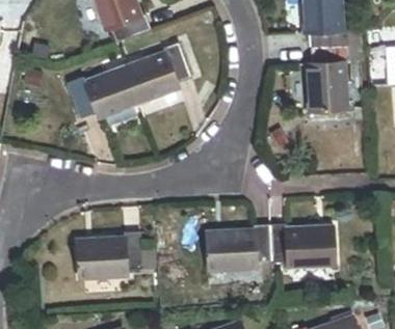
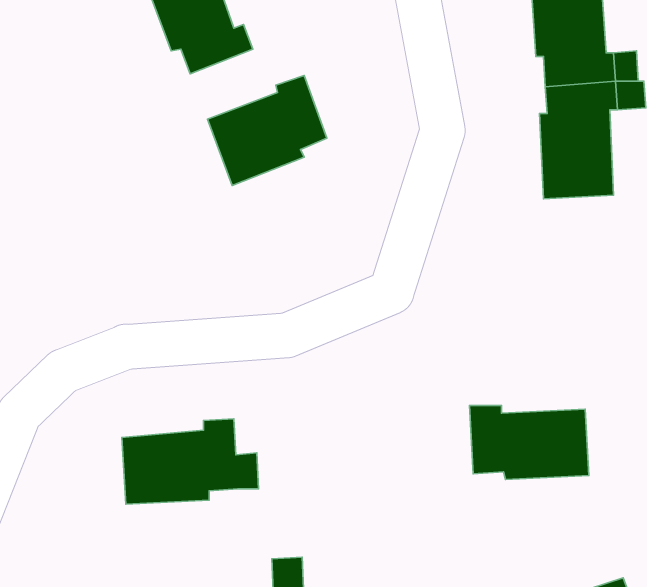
building: [69,67,139,119] -> none
building: [209,224,271,269] -> none

